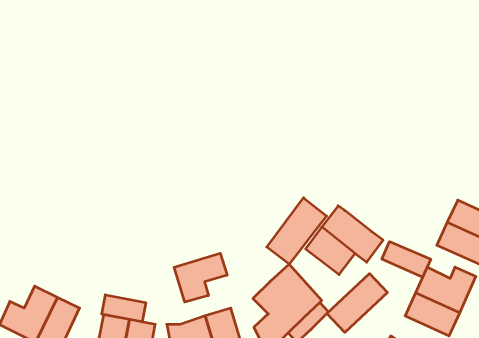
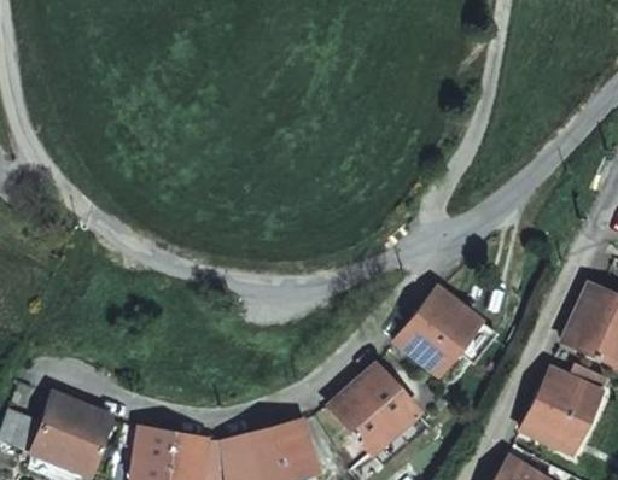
building: [267,198,327,264] -> none
building: [382,242,431,277] -> none
building: [174,253,227,302] -> none
building: [327,274,387,332] -> none
building: [102,295,146,322] -> none

